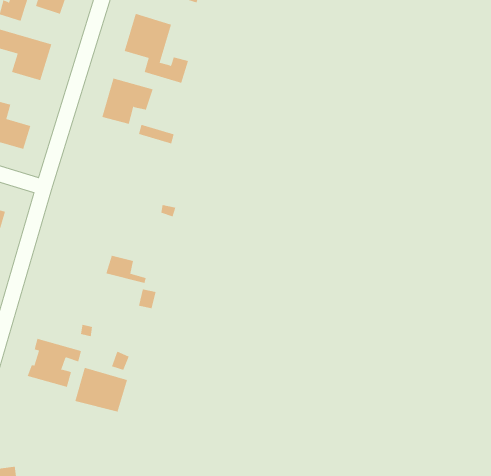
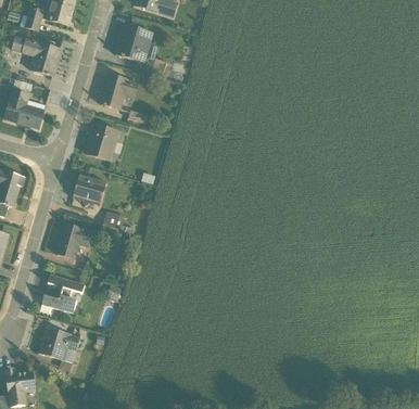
building: none -> [85,123,119,161]
building: none -> [72,172,105,204]
building: none -> [56,222,92,257]
building: [74,367,128,412] -> [38,327,79,361]

